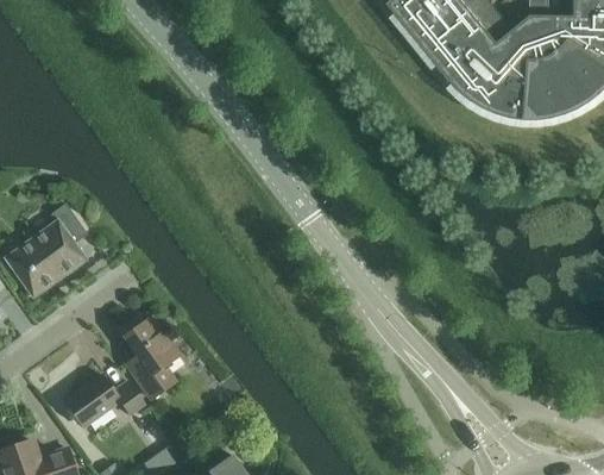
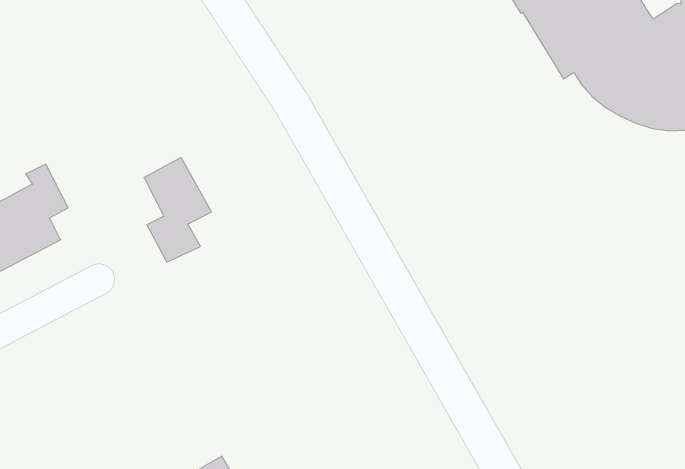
building: [125,317,180,398] -> [144,158,211,262]
building: [64,375,144,426] -> none

